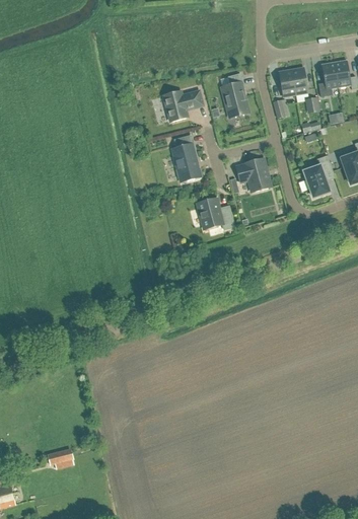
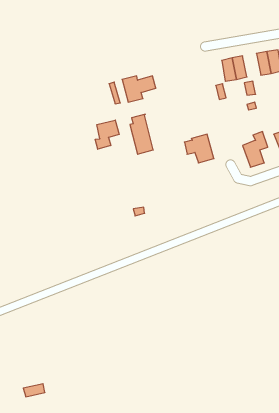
building: [222,72,248,117] -> none
building: none -> [95,120,119,149]
building: [198,197,234,228] -> none

